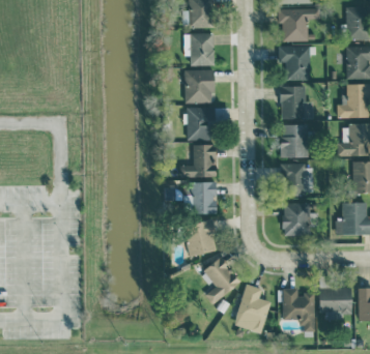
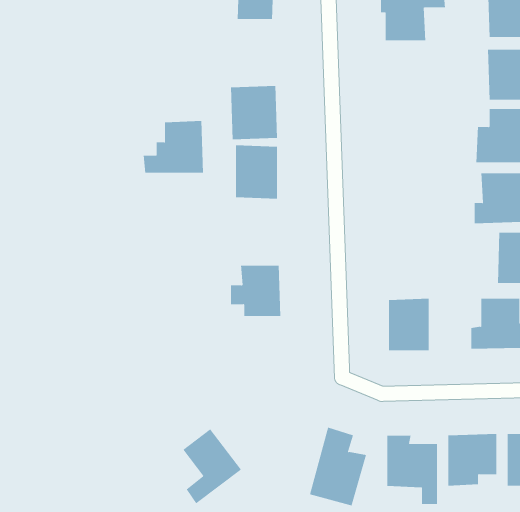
building: [182,33,214,66] -> none
building: [277,47,309,81] -> none
building: [280,86,305,119] -> none
building: [281,124,307,158] -> none
building: [178,144,217,177] -> [143,120,204,173]
building: [280,164,304,196] -> none
building: [182,220,216,257] -> none
building: [203,257,240,304] -> [183,428,242,504]

